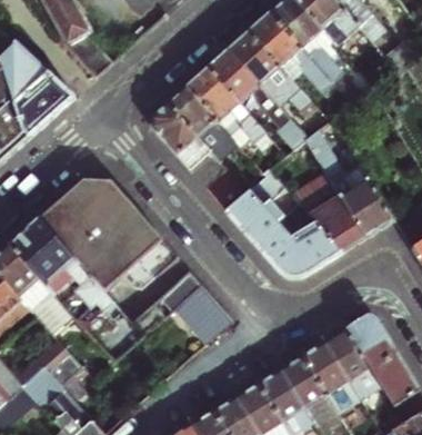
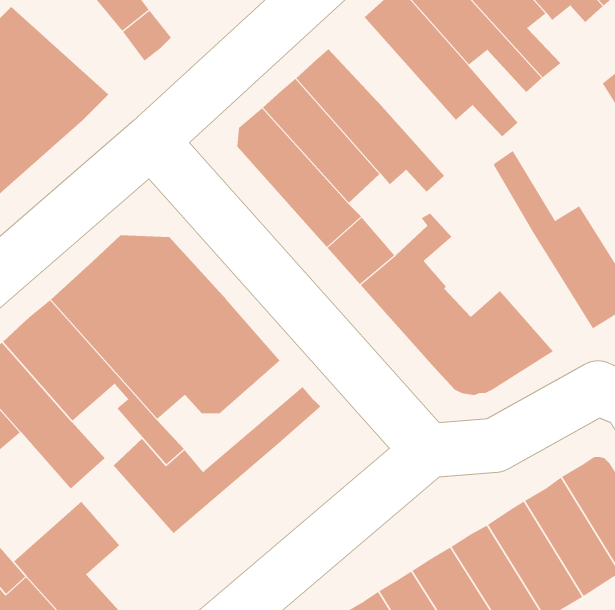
building: [207,48,307,148] -> none
building: [291,177,365,249] -> none
building: [175,283,233,342] -> none

